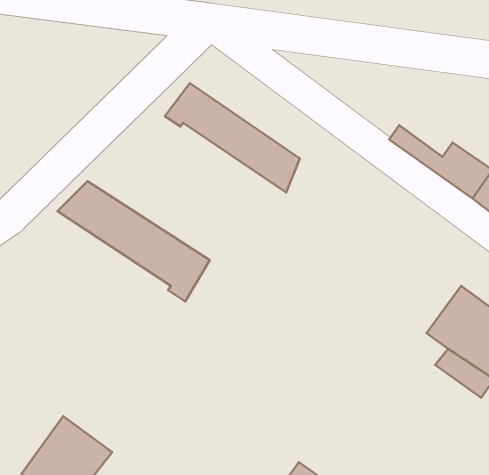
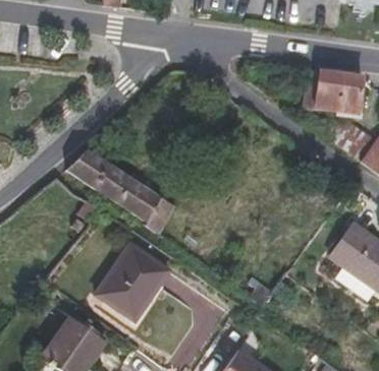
building: none -> [303,68,363,112]
building: [165,83,300,192] -> none
building: none -> [95,243,167,318]

